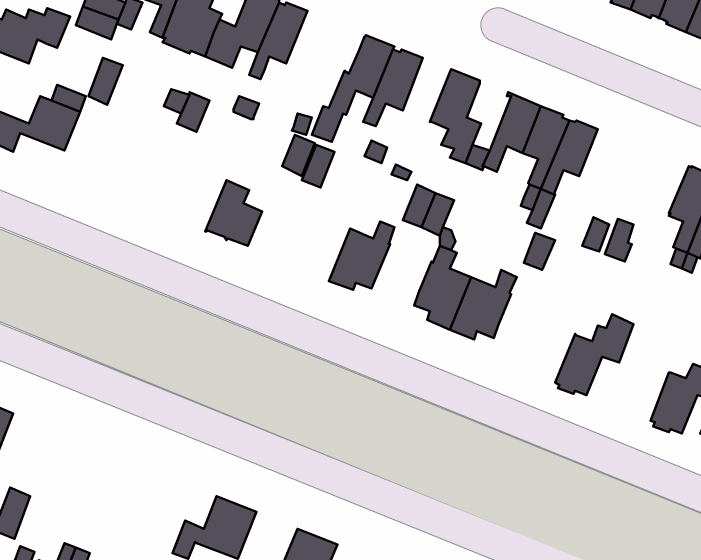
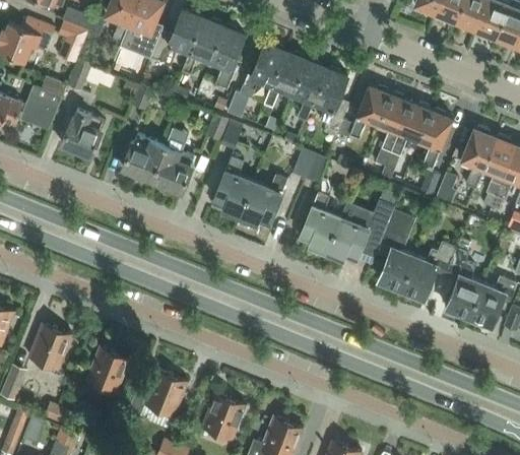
building: none -> [208,25,245,90]
building: none -> [291,59,325,122]
building: none -> [417,110,452,169]
building: none -> [60,111,103,160]
building: none -> [460,128,496,190]
building: none -> [121,136,166,183]
building: none -> [212,158,254,218]
building: none -> [377,211,414,292]
building: none -> [445,249,481,320]
building: none -> [29,325,72,370]
building: none -> [87,348,129,393]

